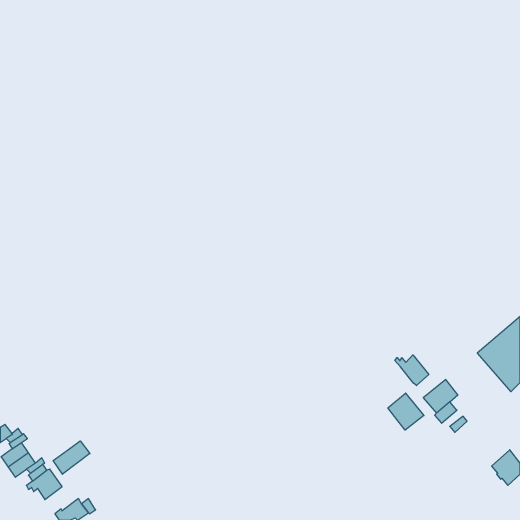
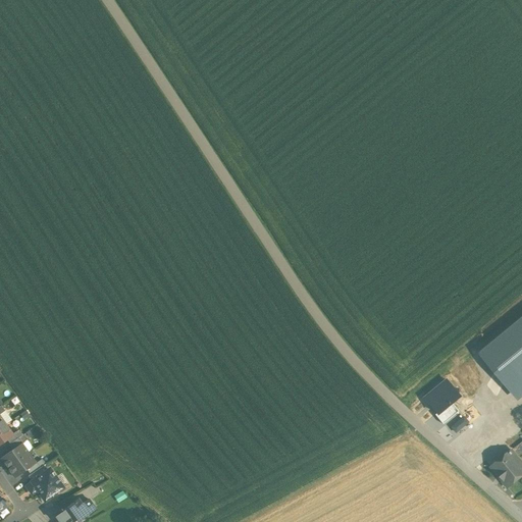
building: [395,355,429,386] -> none
building: [388,393,424,430] -> none
building: [53,441,90,474] -> none

